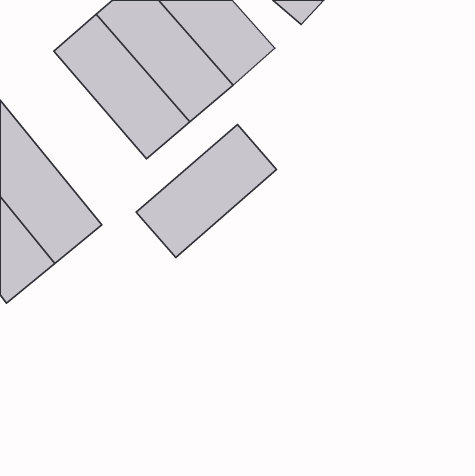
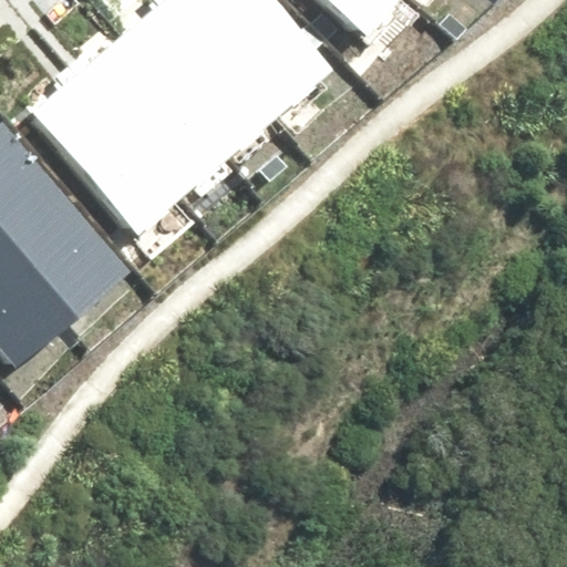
building: none -> [21,68,181,237]
building: [136,124,276,257] -> none

